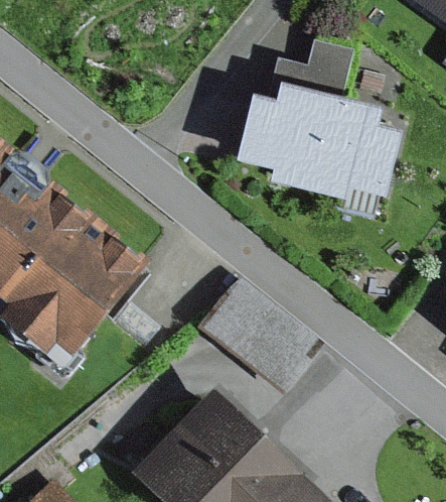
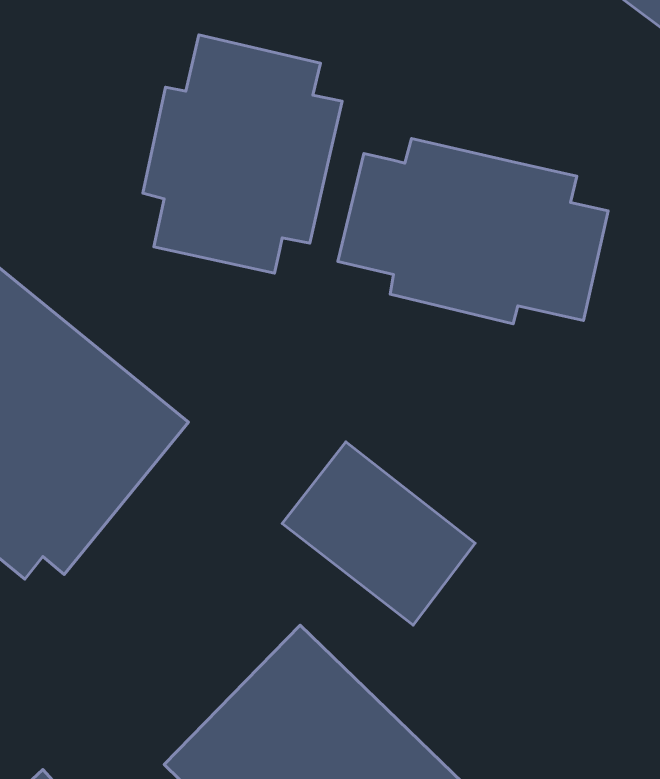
building: none -> [143,35,342,273]
building: [269,39,356,105] -> none

